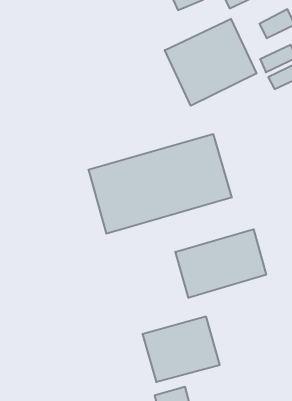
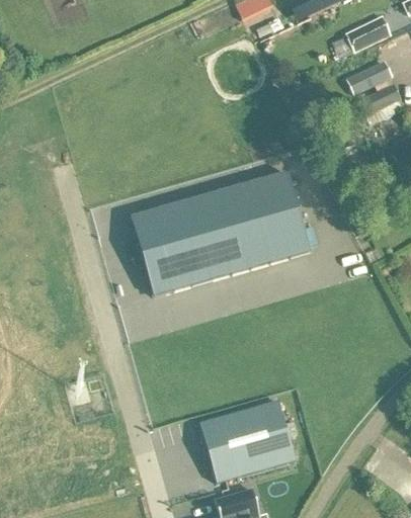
building: [165,19,256,106] -> none
building: [175,229,266,298] -> none

